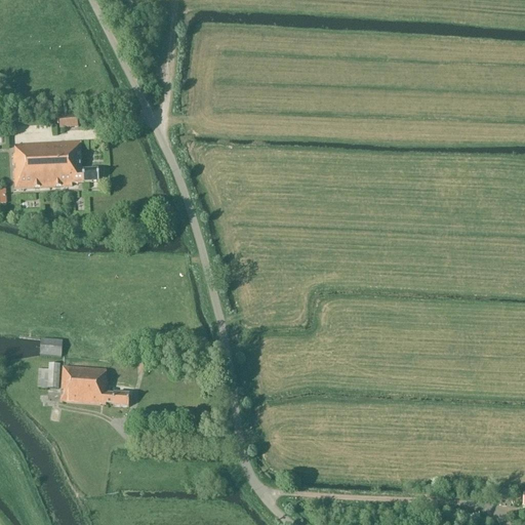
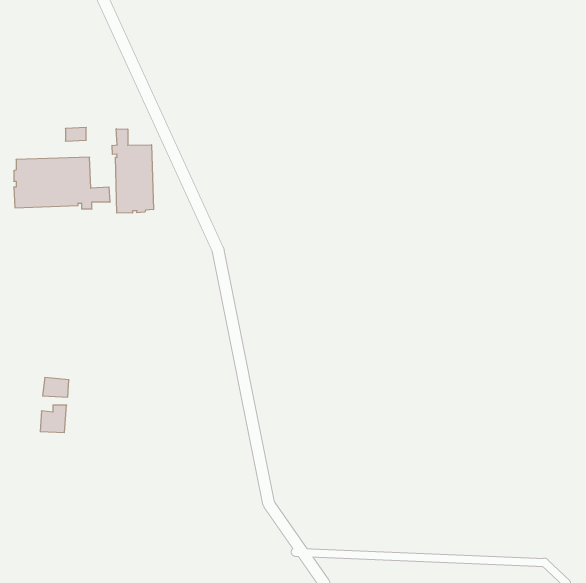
building: none -> [112,129,153,213]
building: [59,365,128,405] -> none

